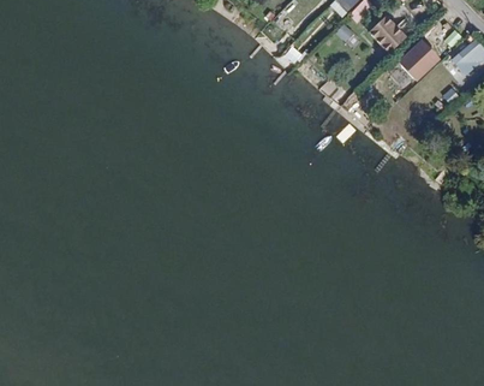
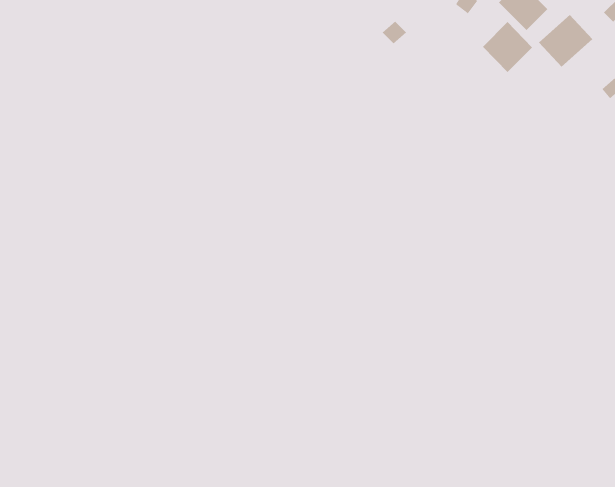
building: none -> [482,21,533,73]

